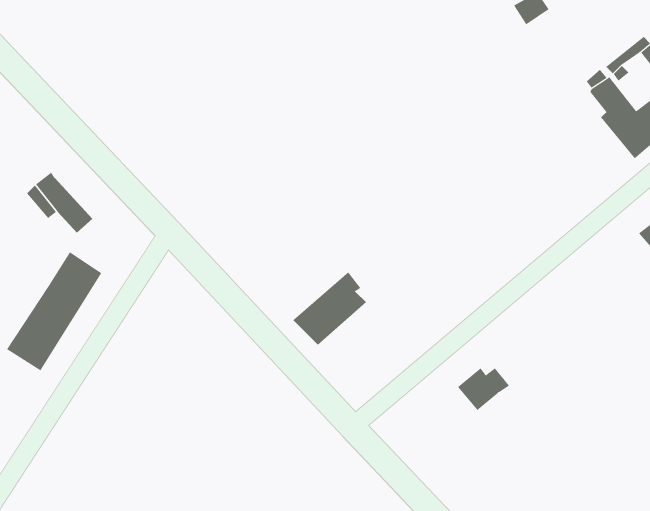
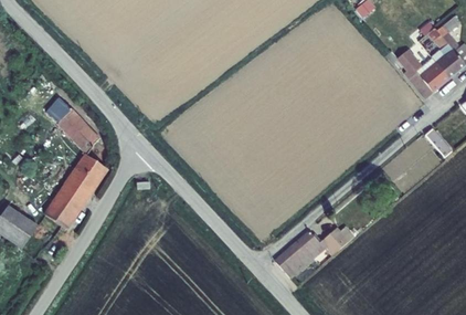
building: [292,271,367,346] -> [274,230,319,275]

